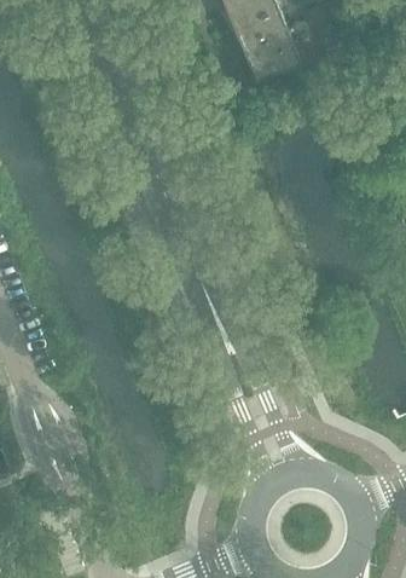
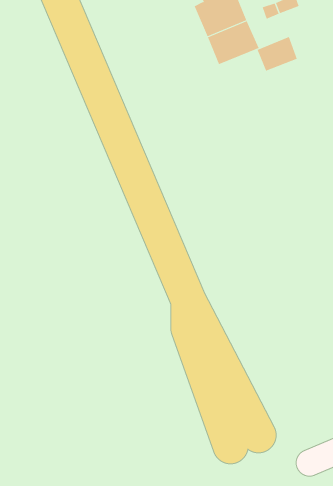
building: none -> [257,36,298,72]

